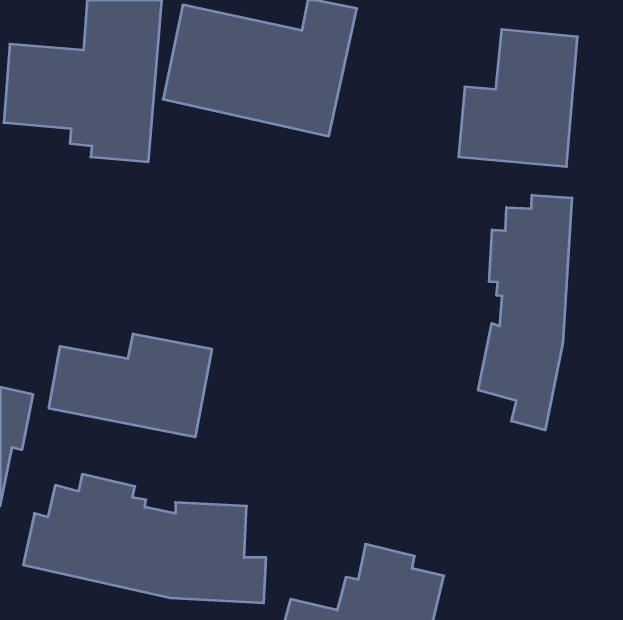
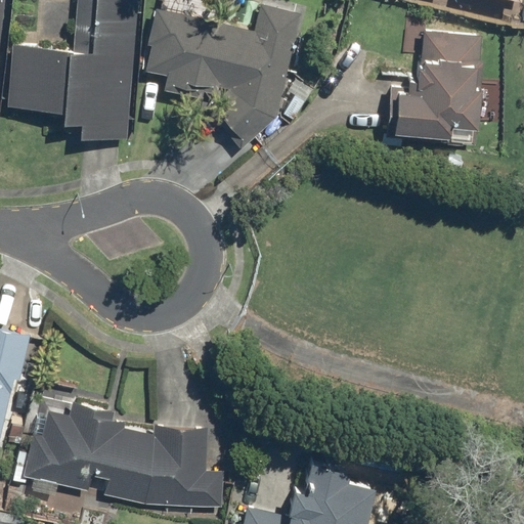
building: [478,195,572,430] -> none
building: [49,334,212,437] -> none

